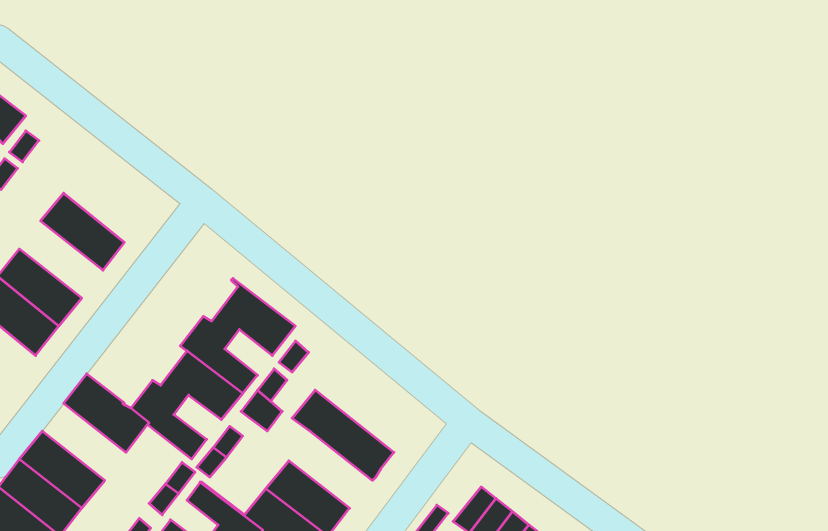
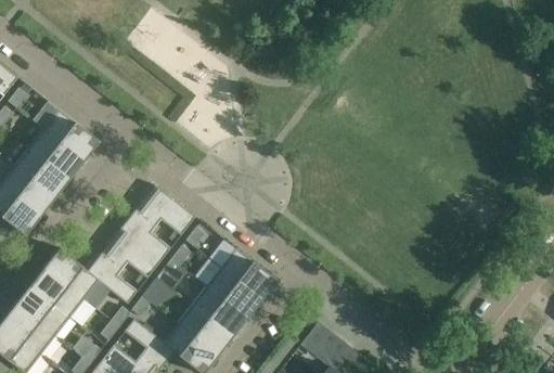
building: none -> [42,108,99,160]
building: none -> [13,146,68,197]
building: none -> [208,240,275,299]
building: none -> [28,267,83,318]
building: none -> [191,285,246,336]

